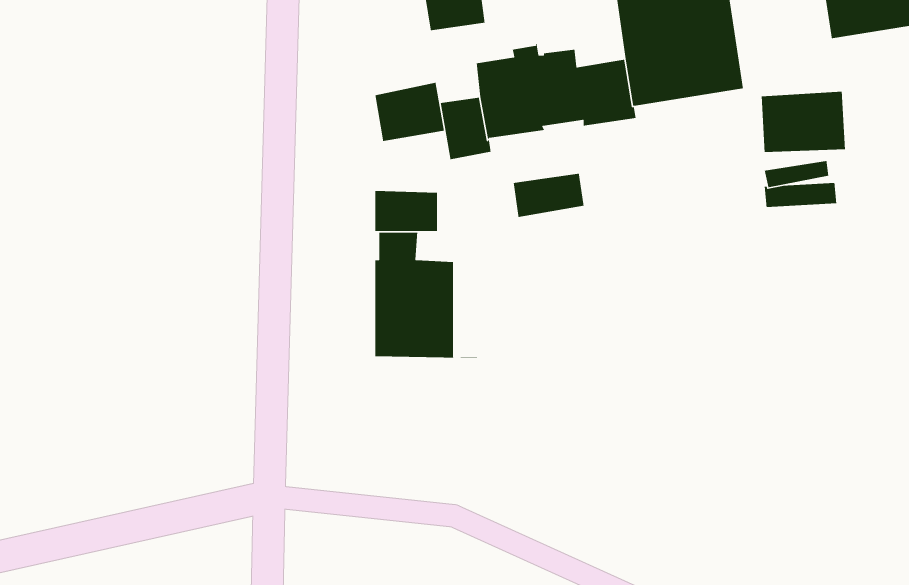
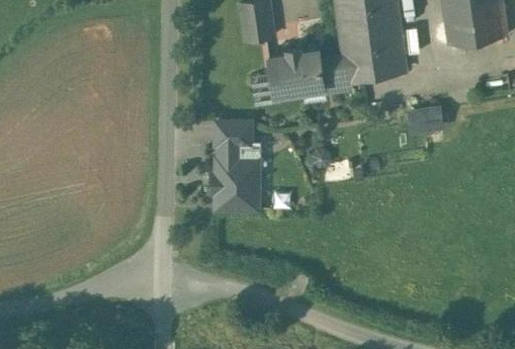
building: [374,82,445,142] -> none
building: [761,91,846,153] -> none
building: [513,173,584,218] -> none

